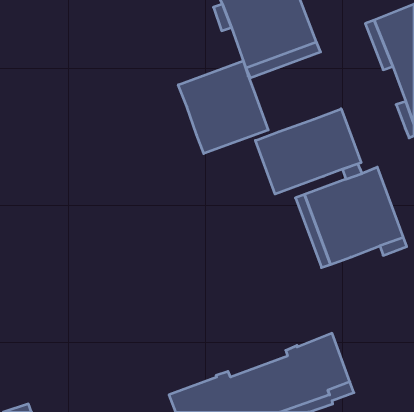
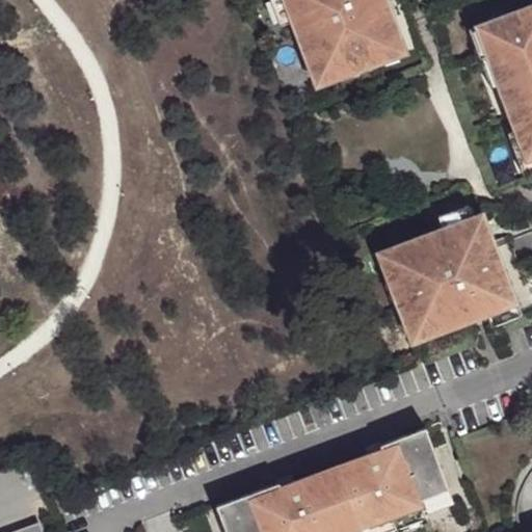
building: [178,61,268,154] -> none
building: [255,109,361,194] -> none

